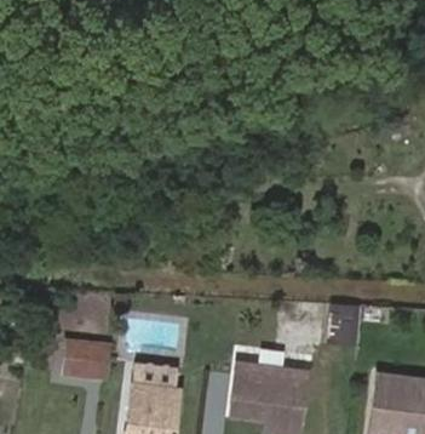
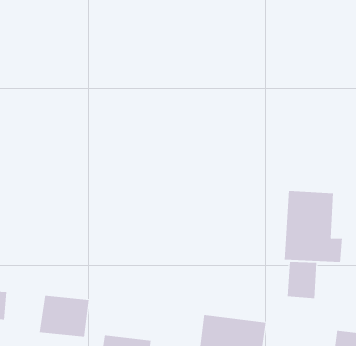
building: none -> [284,190,343,263]

